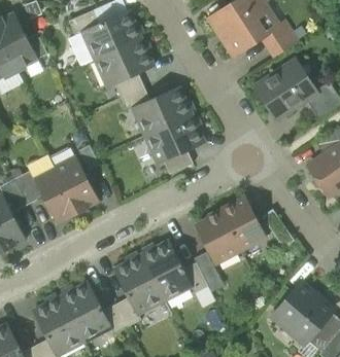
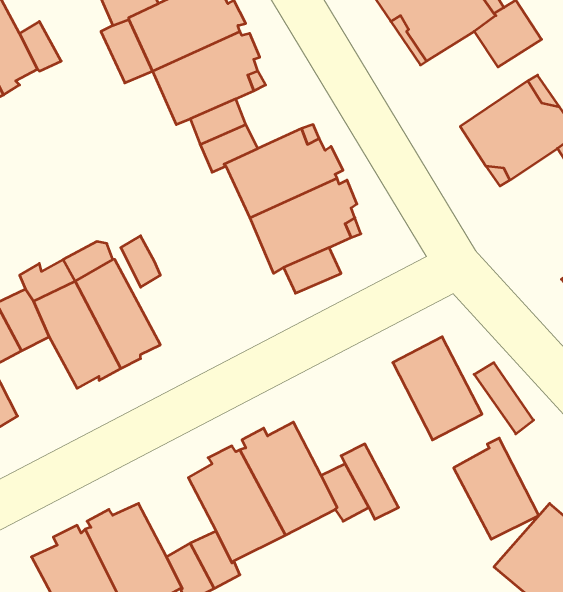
building: [196,210,240,262] -> [454,438,539,539]

